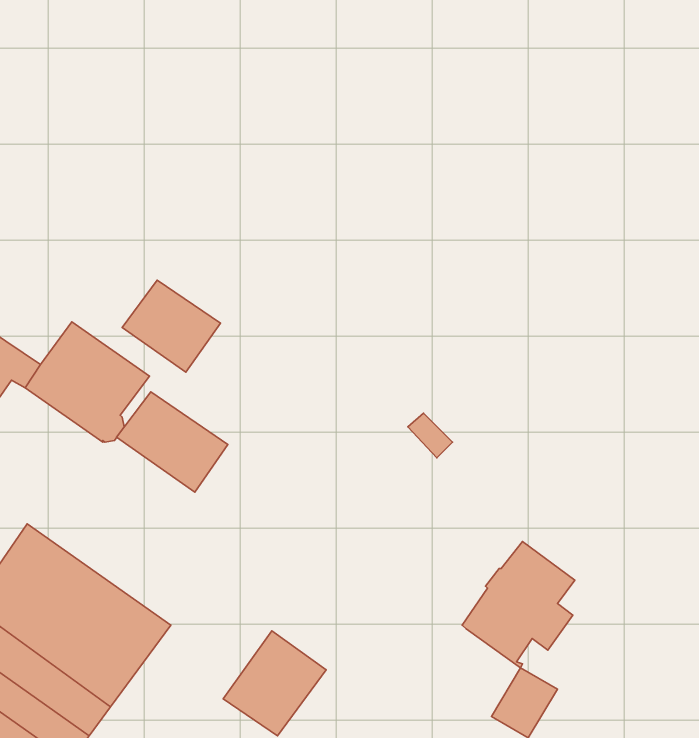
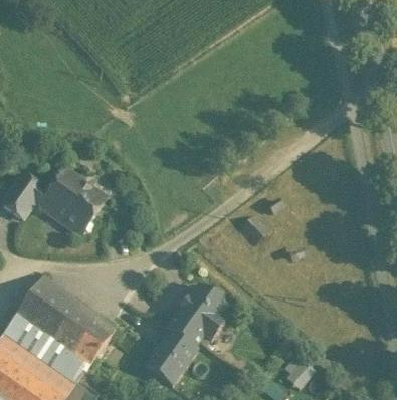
building: [122,280,220,372] -> none
building: [117,392,228,492] -> none
building: [462,541,575,668] -> [165,285,223,351]

